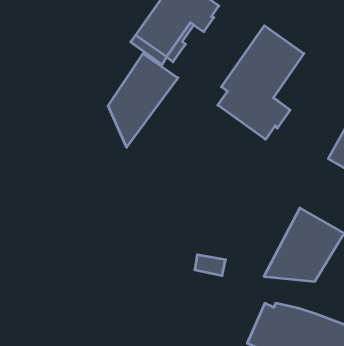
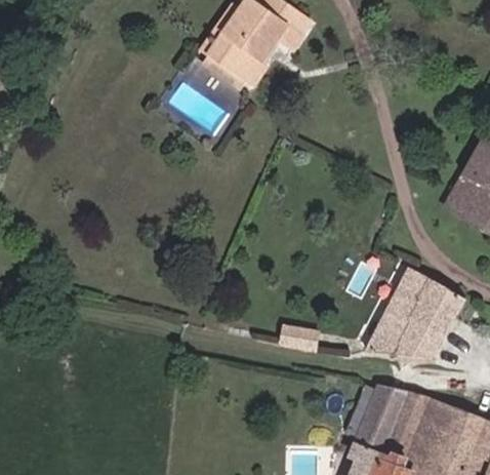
building: [218,26,304,139] -> none
building: [108,53,178,147] -> none

